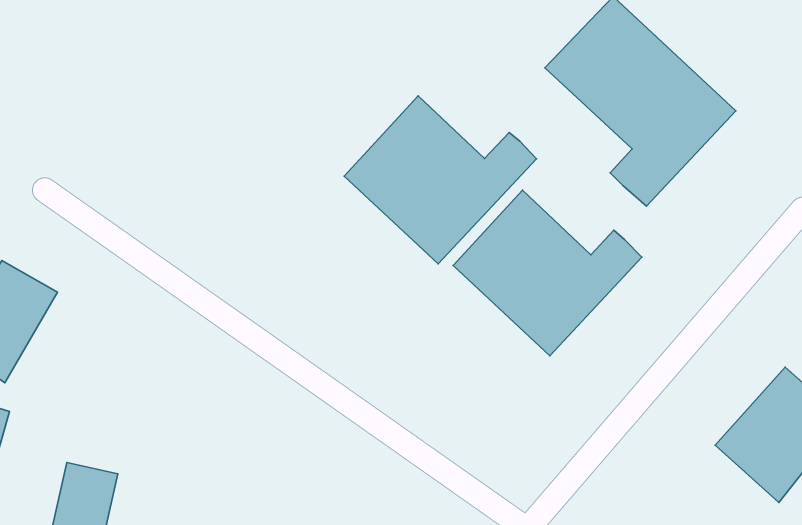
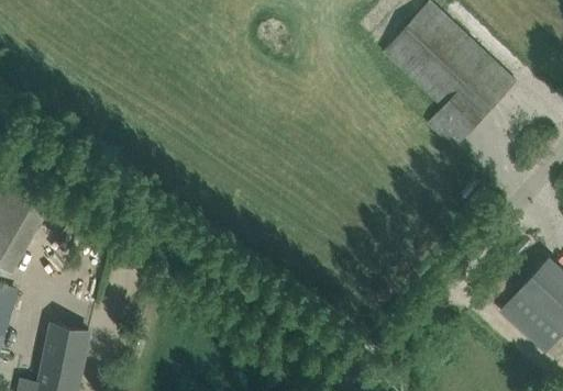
building: [344,96,537,264] -> none
building: [453,190,642,356] -> none

